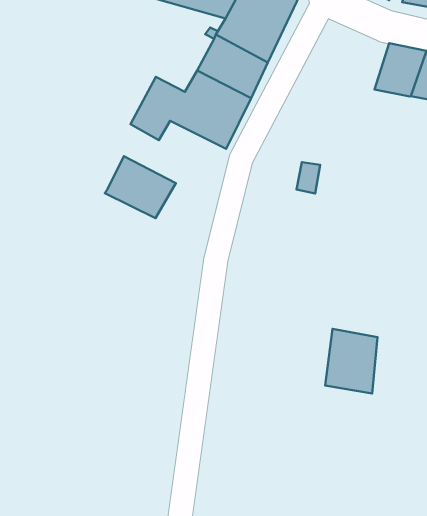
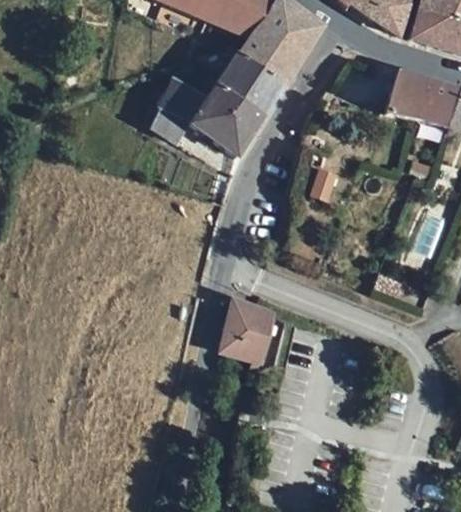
building: [105,156,176,218] -> none
building: [325,329,377,394] -> [212,299,264,362]

